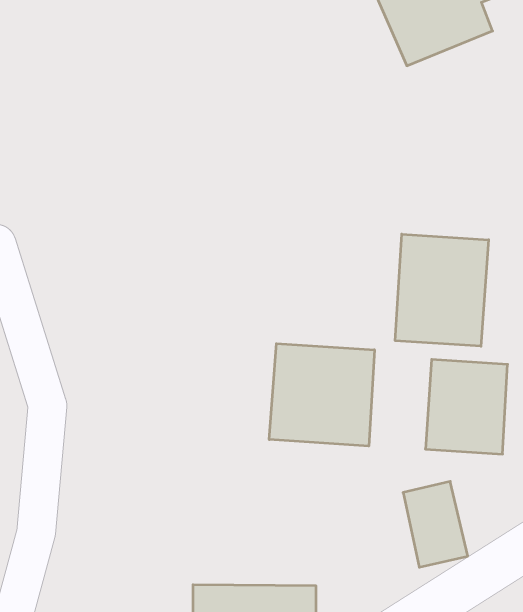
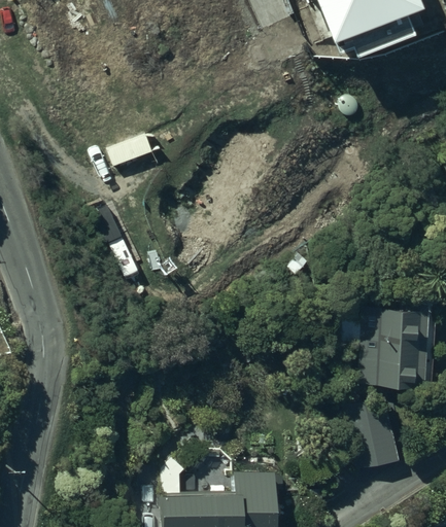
building: [395,234,489,346] -> none
building: [269,344,374,446] -> none

